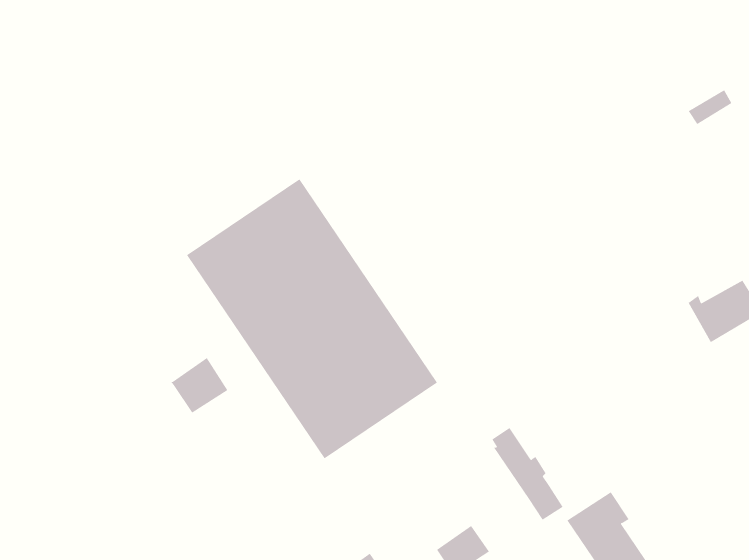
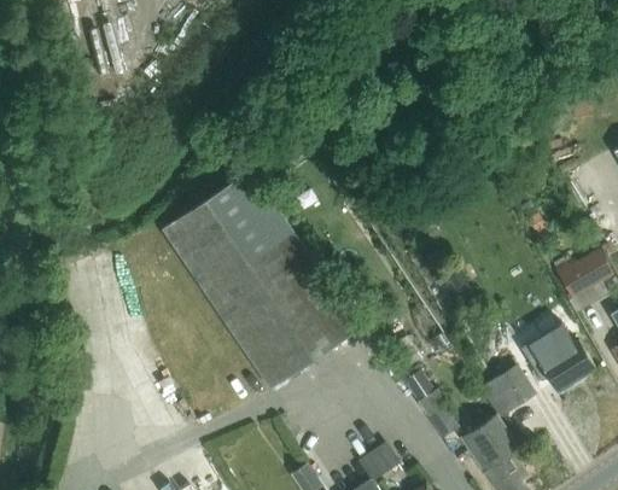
building: [170,357,228,414] -> none
building: none -> [521,321,595,390]
building: none -> [479,363,536,418]

